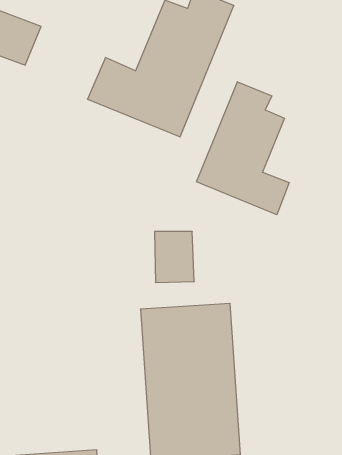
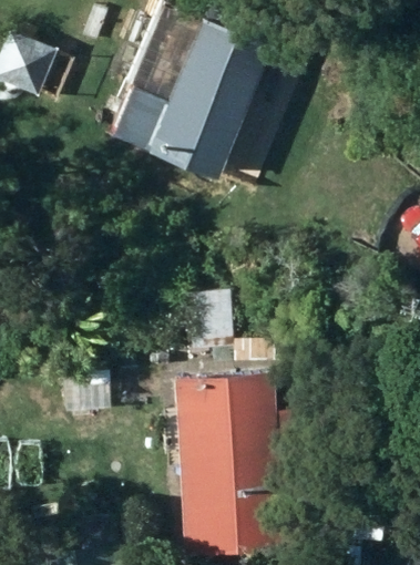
building: [197,82,289,215] -> none

